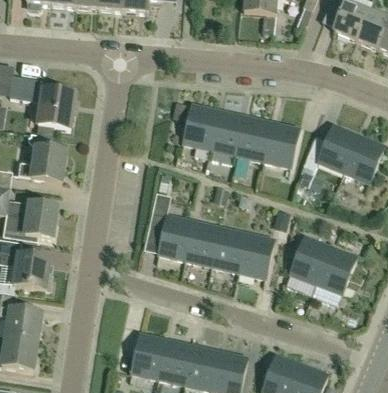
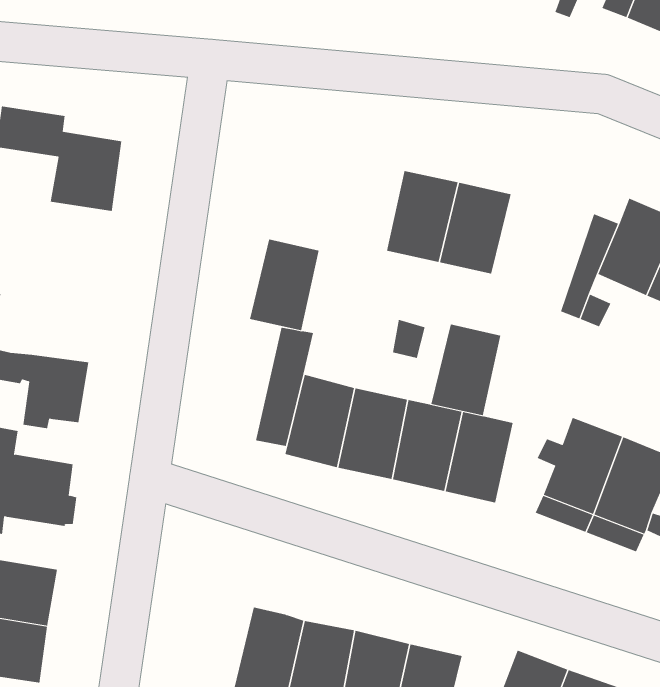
building: [182,102,218,149] -> [249,239,319,331]
building: [263,120,299,167] -> [431,324,501,416]
building: [17,133,66,182] -> none

